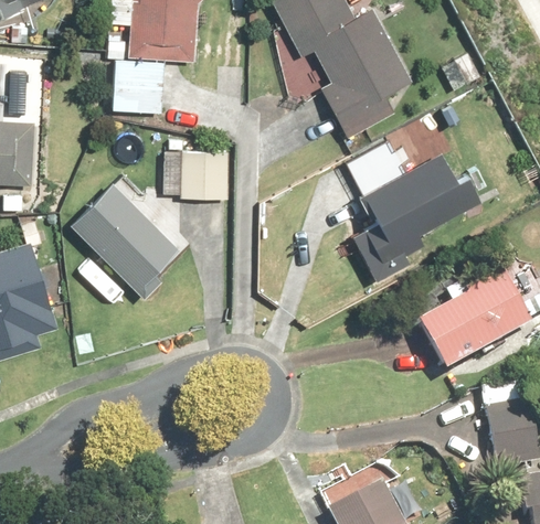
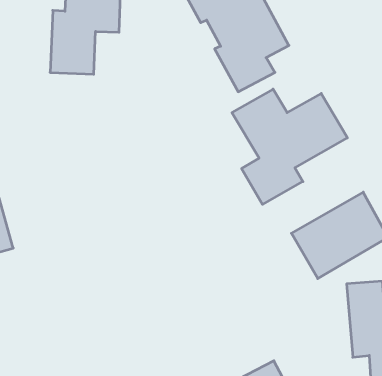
building: [162,147,229,201] -> none
building: [67,179,186,297] -> none

